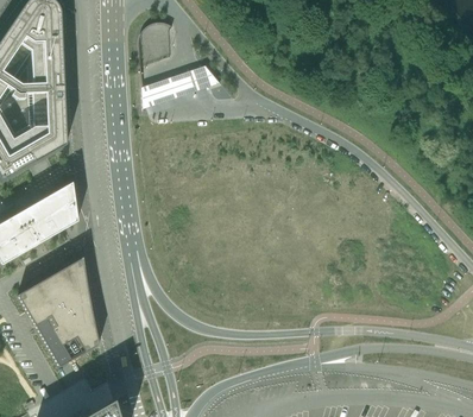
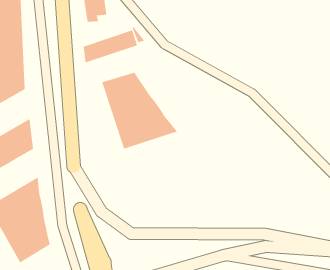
building: none -> [101,72,178,149]

